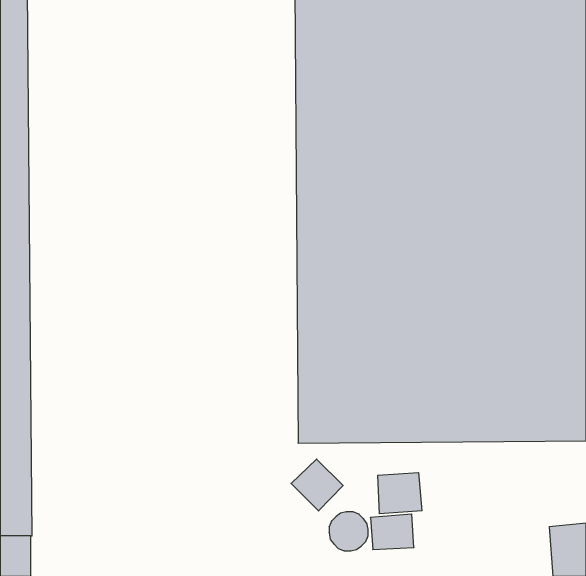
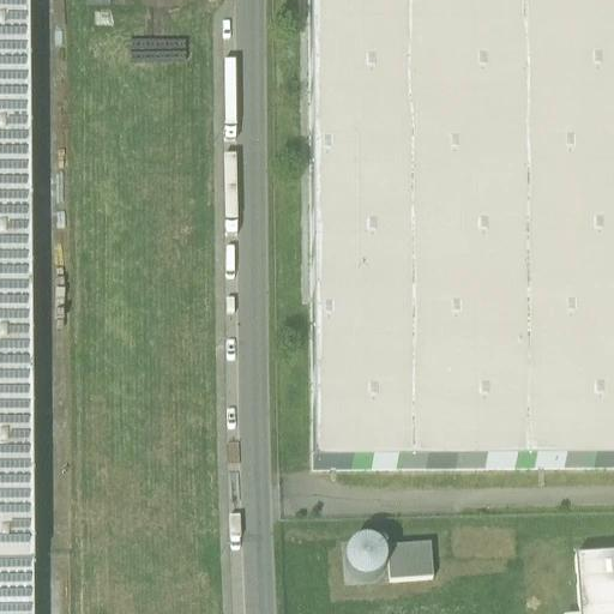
building: [291,459,343,511] -> none
building: [378,473,422,514] -> none

